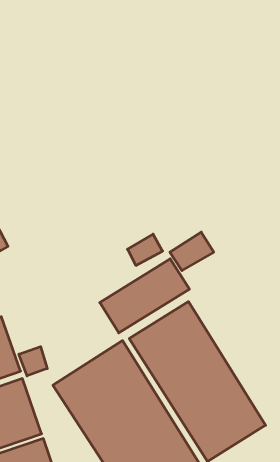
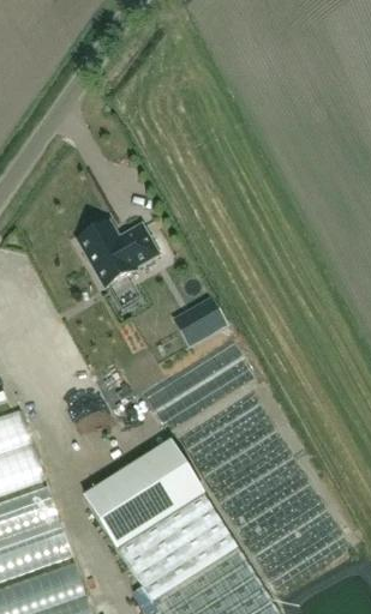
building: none -> [78,222,160,289]
building: [170,232,214,271] -> none
building: [19,347,47,376] -> none

